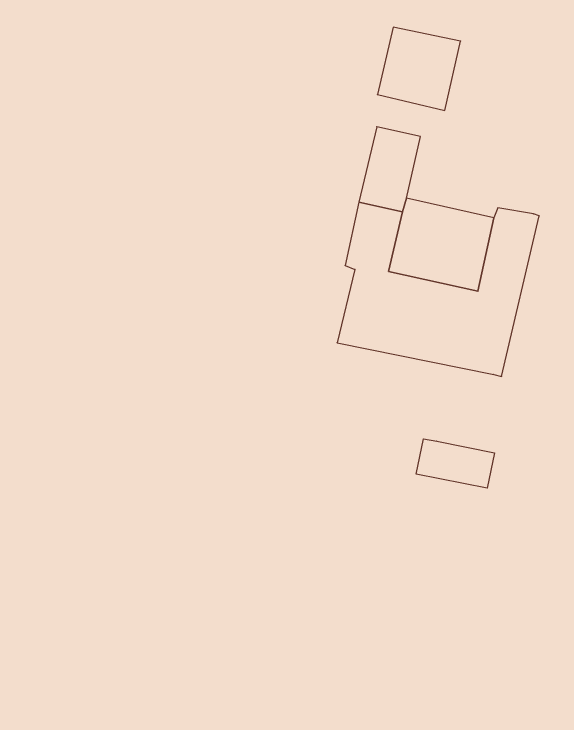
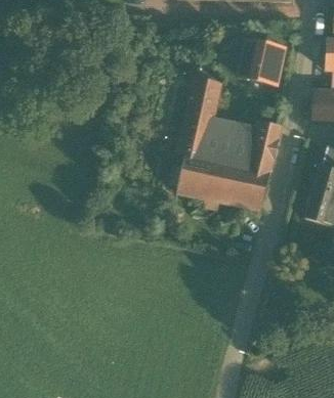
building: [377,27,461,110] -> [241,41,284,84]
building: [416,439,494,488] -> none

